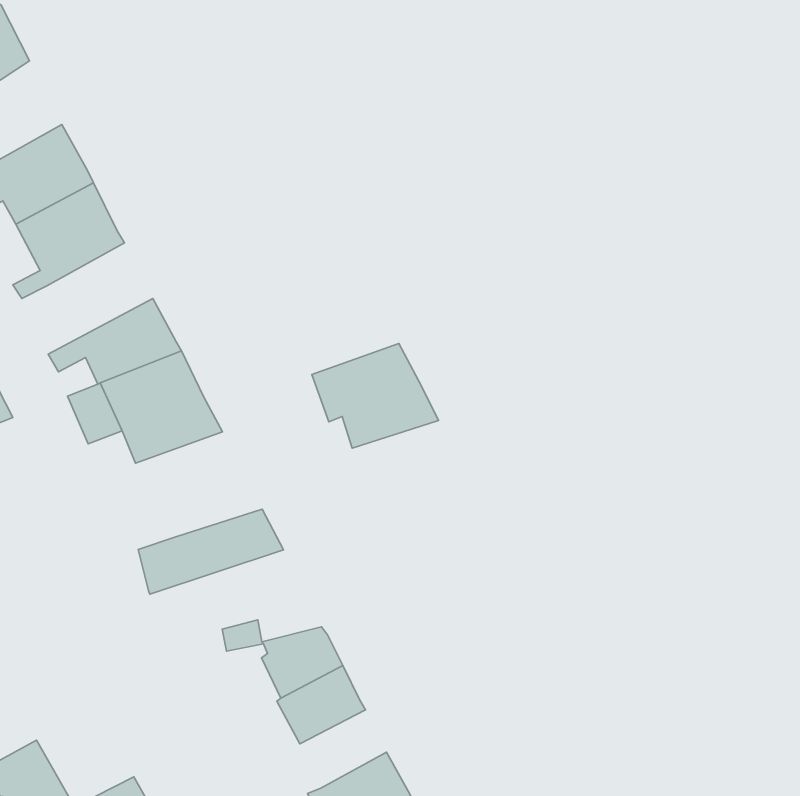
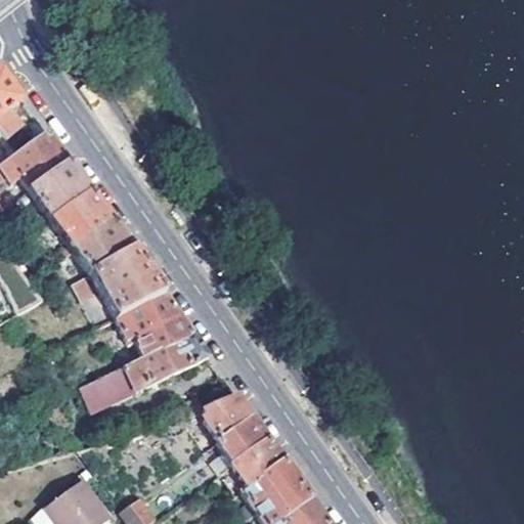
building: none -> [53,191,115,261]
building: [312,343,438,448] -> [118,292,193,355]
building: none -> [84,365,135,407]
building: none -> [232,439,283,487]

